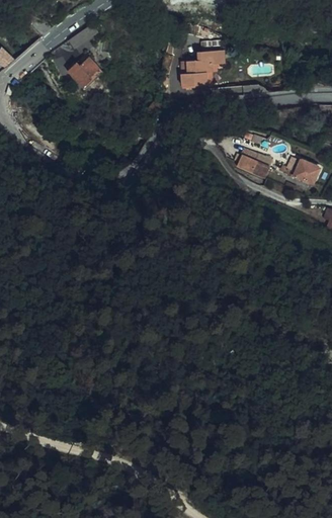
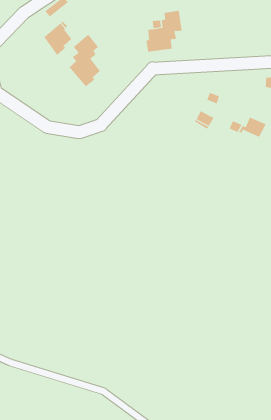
building: none -> [69,34,100,87]

